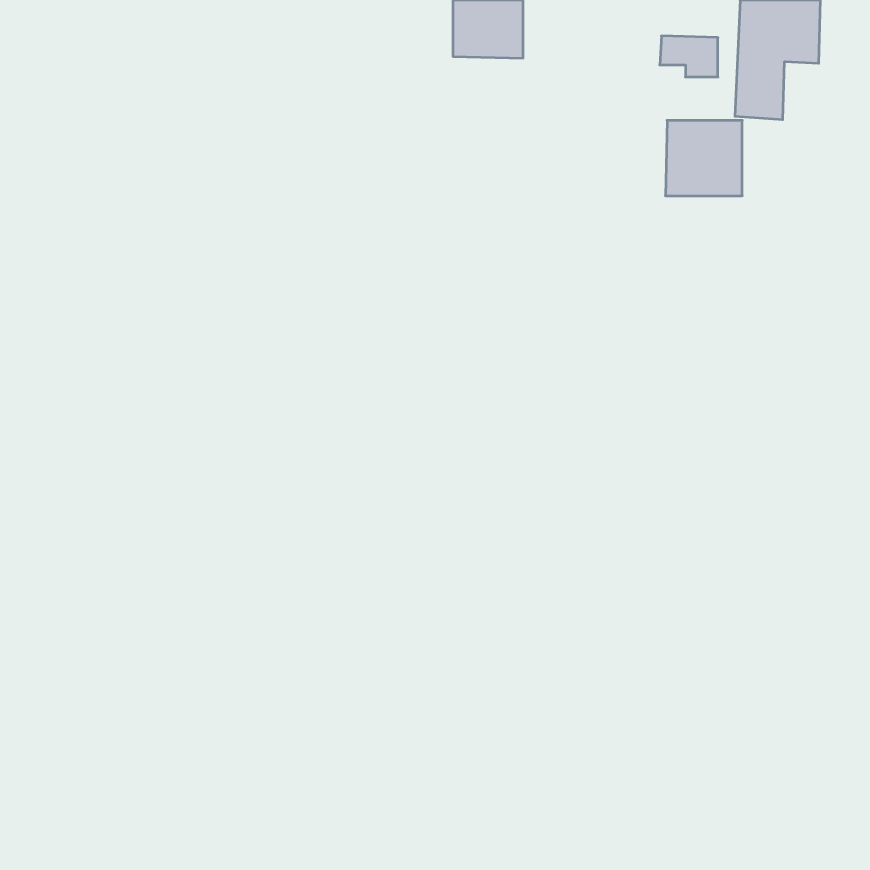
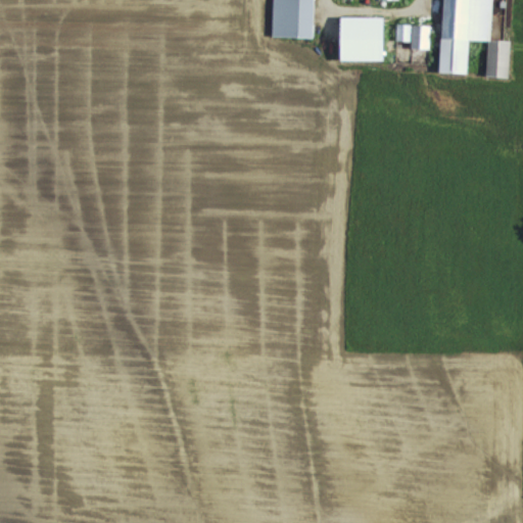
building: none -> [485,40,510,77]
building: [665,120,742,196] -> [339,15,385,60]

